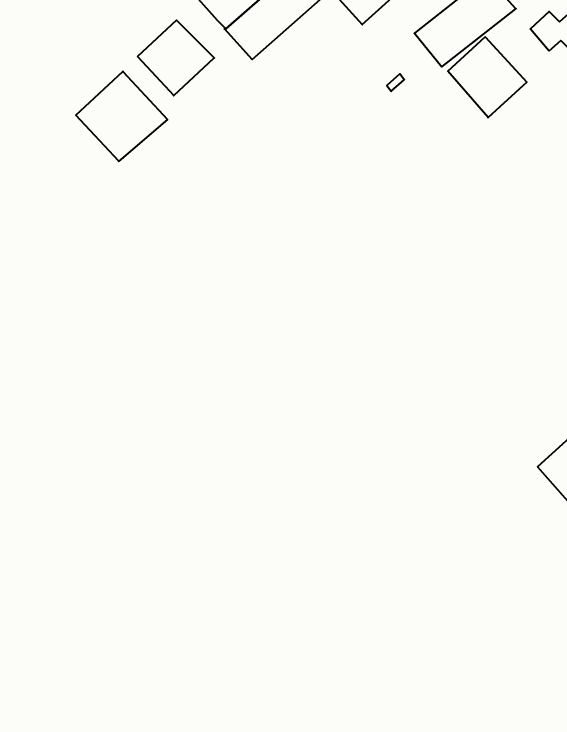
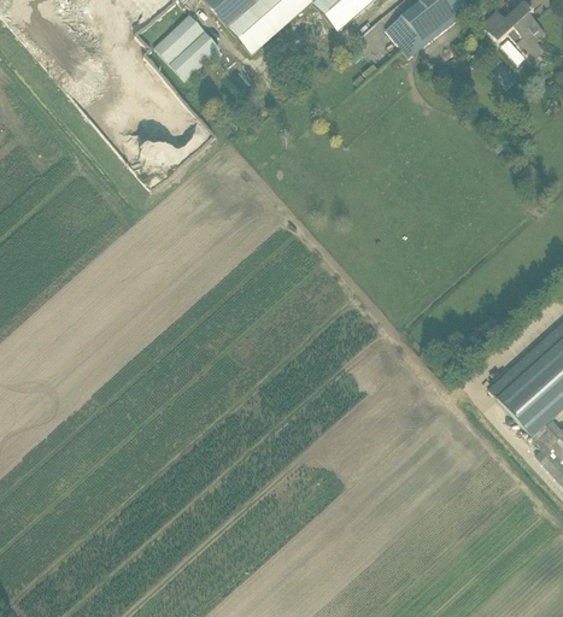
building: [448,37,527,118] -> none
building: [76,71,167,161] -> none

